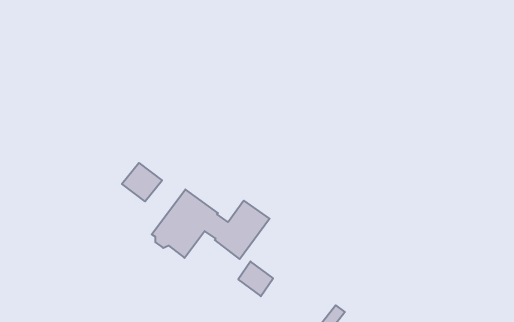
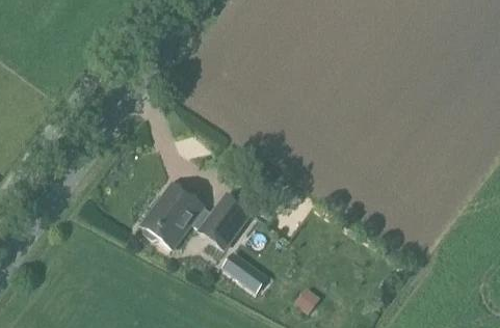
building: [122,163,162,201] -> none

